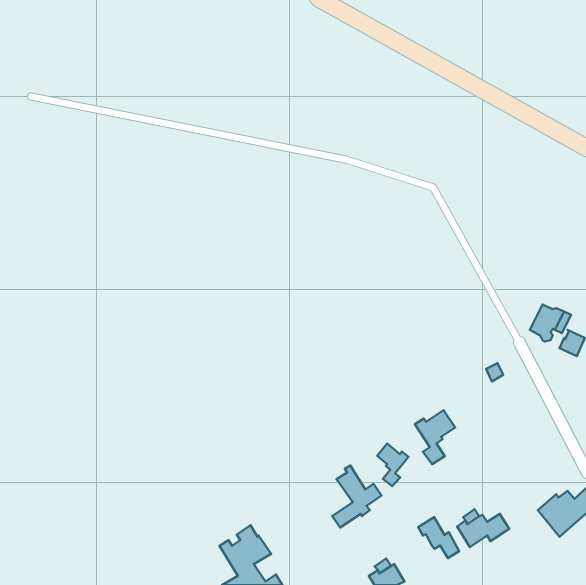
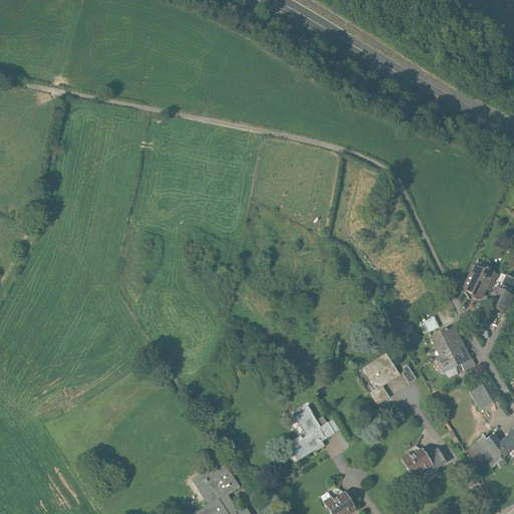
building: none -> [433,326,472,373]
building: none -> [468,381,493,409]
building: [377,444,409,486] -> none
building: [418,517,459,558] -> none

